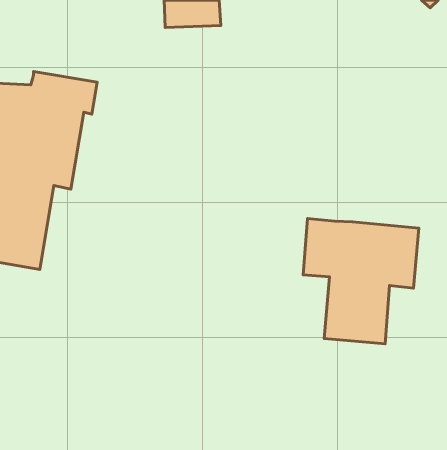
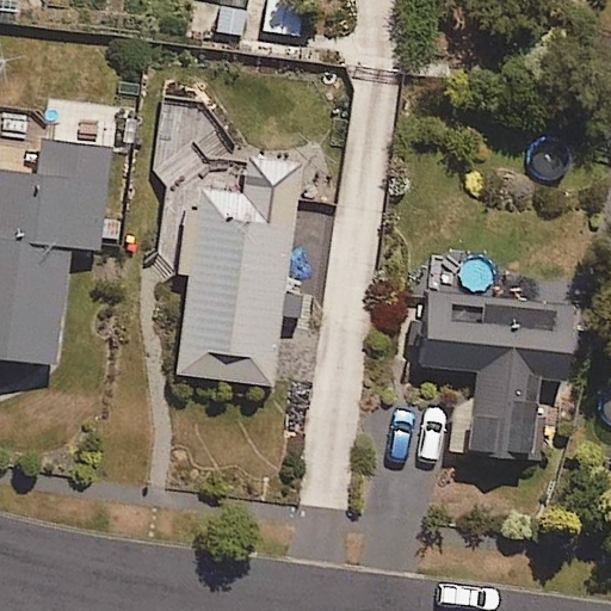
building: none -> [168,153,303,382]

